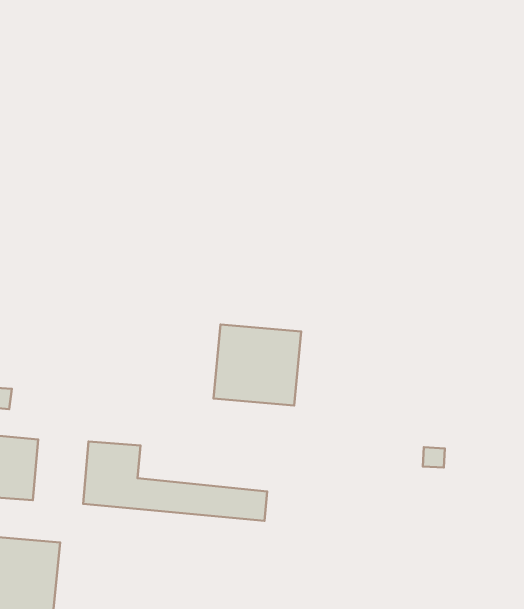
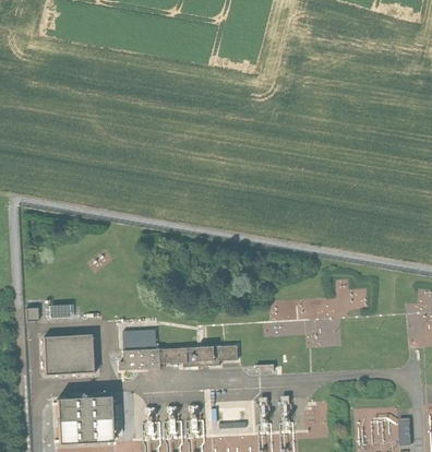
building: [213,325,301,405] -> none

